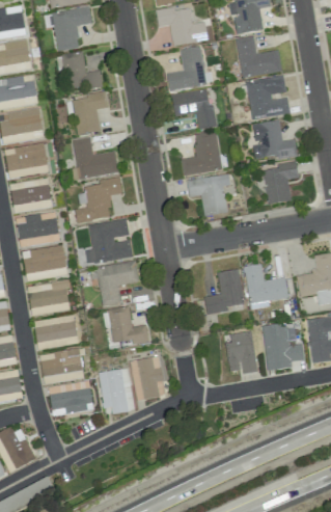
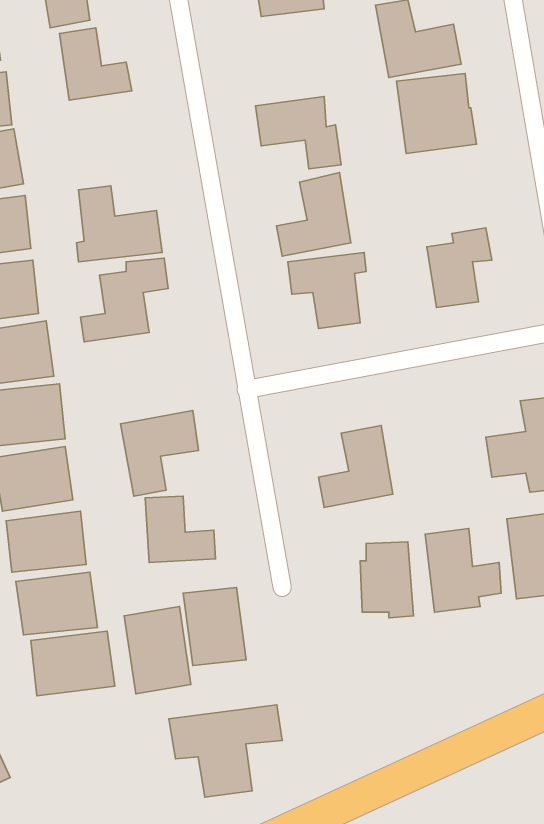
building: [167,45,214,90] -> none
building: [73,90,108,134] -> none
building: [253,119,297,160] -> none
building: [86,218,133,264] -> none
building: [244,264,288,308] -> none
building: none -> [169,705,282,797]

